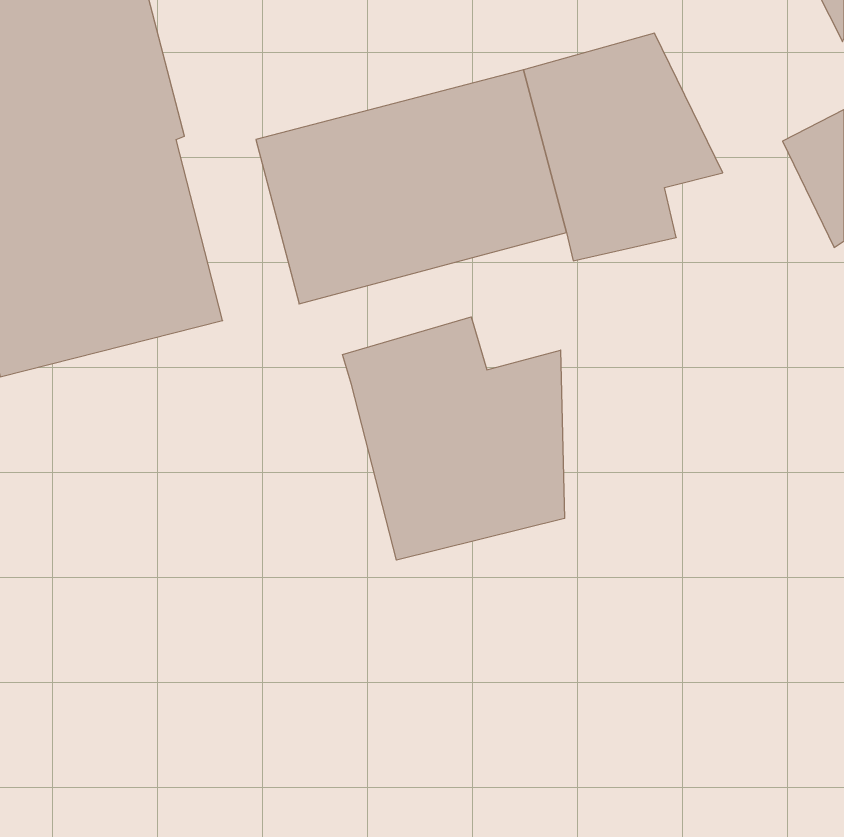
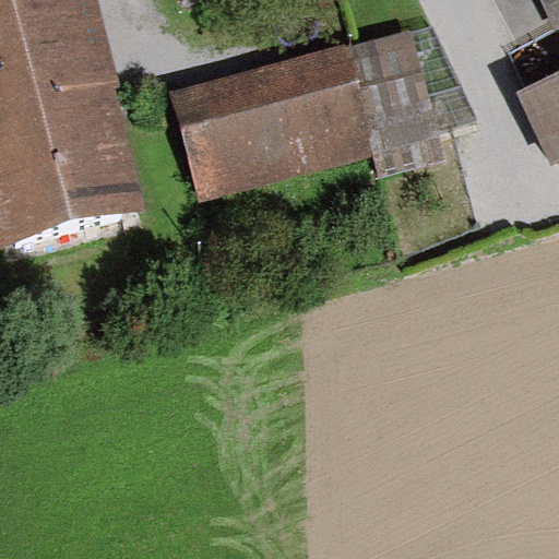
building: [343,317,565,560] -> none

